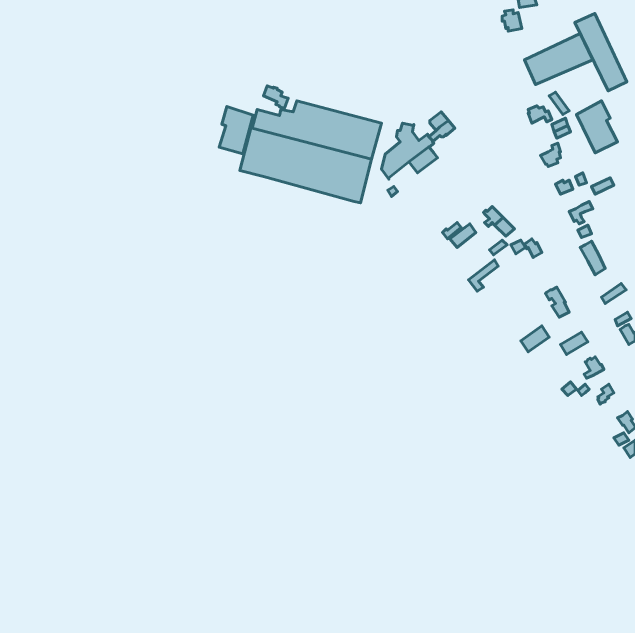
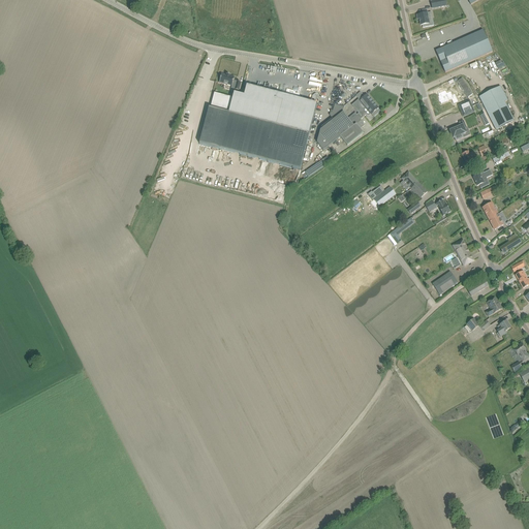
building: [575,14,627,91] -> none
building: [219,107,253,154] -> none

